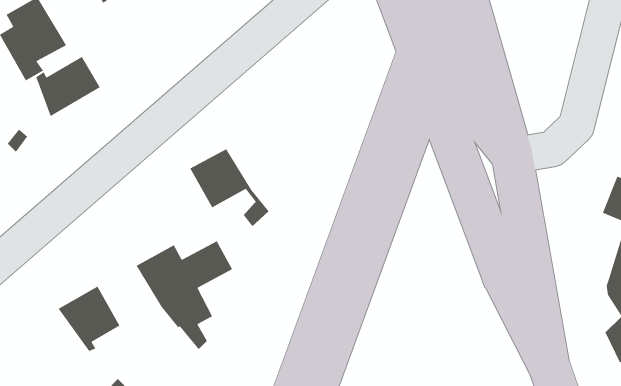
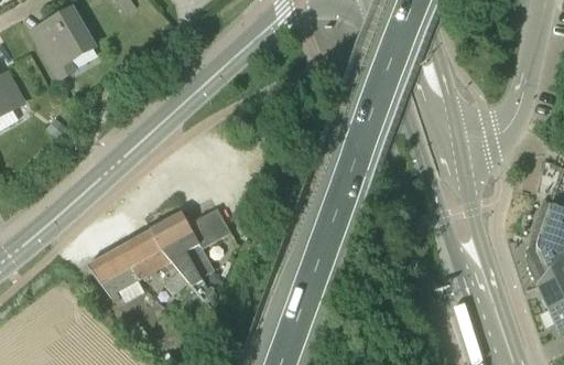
building: [34,56,101,117] -> none
building: [189,148,270,227] -> [120,228,186,293]

